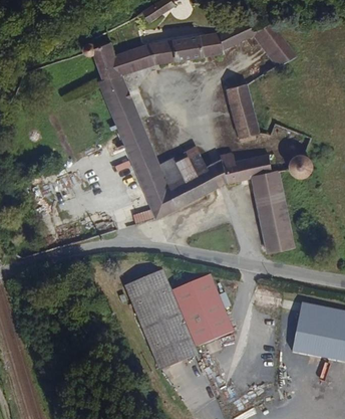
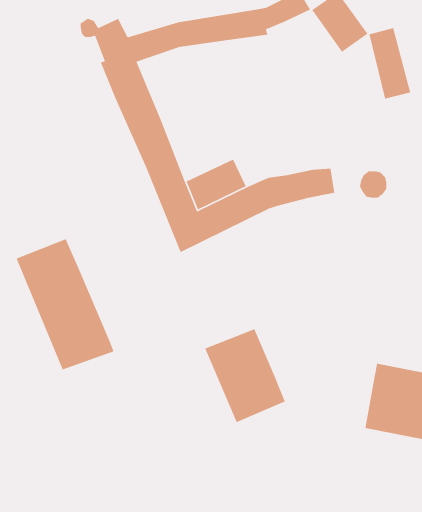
building: [229,84,261,139] -> [369,27,411,100]
building: [251,172,294,253] -> none
building: [125,269,200,369] -> [16,238,114,371]

